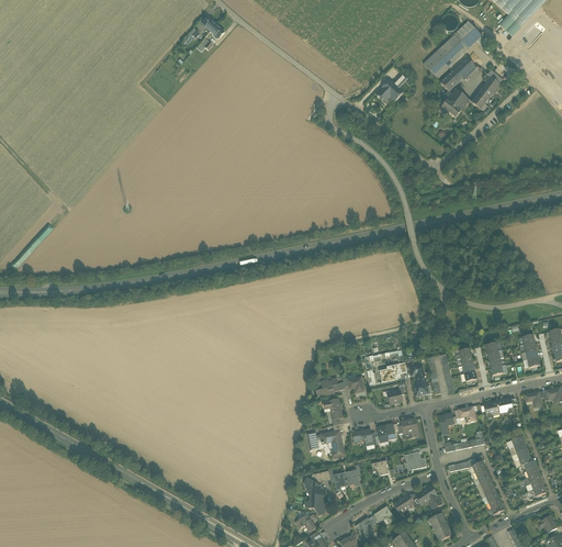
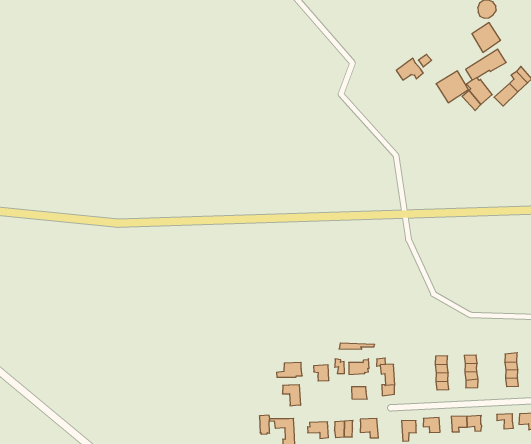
building: [454,21,487,48] -> none
building: [423,47,453,78] -> [436,71,468,103]

